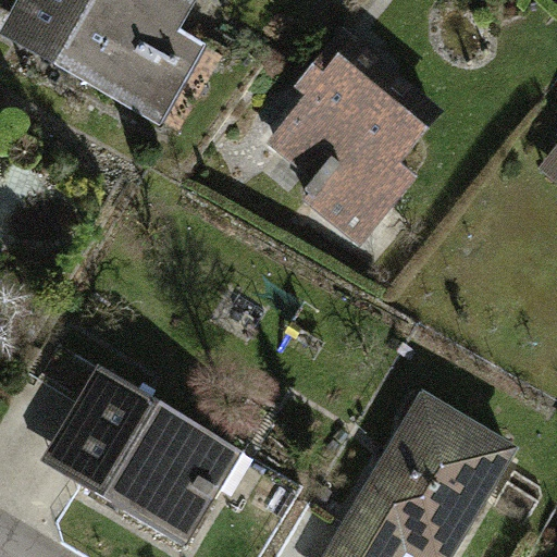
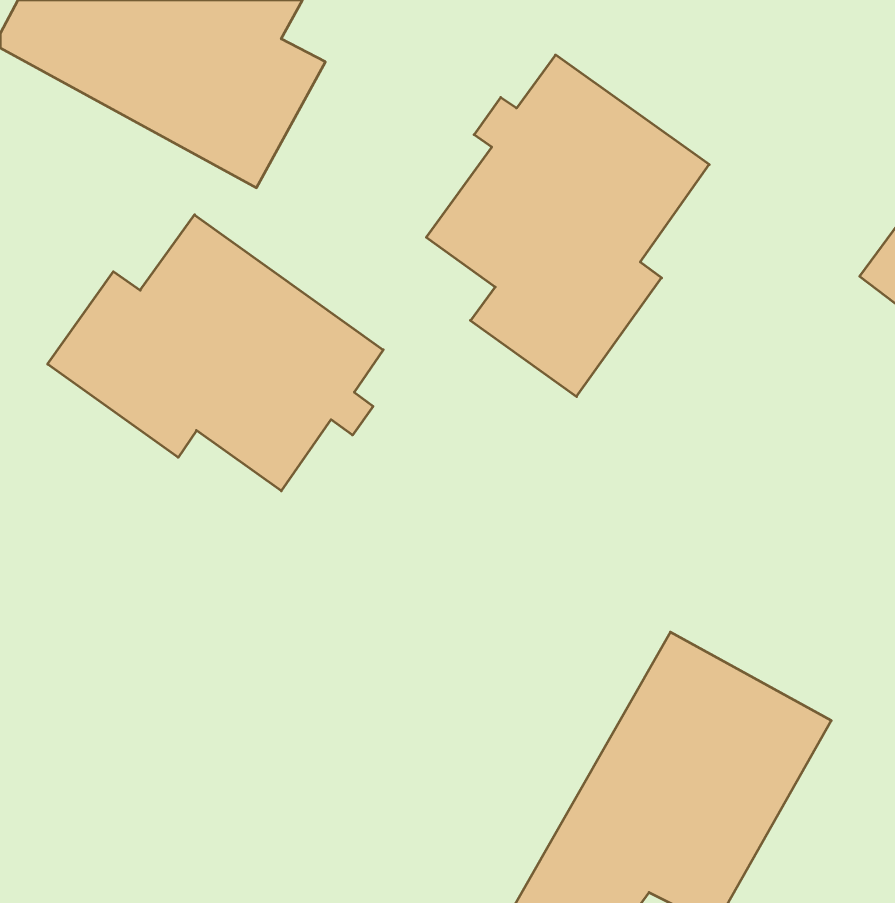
building: none -> [48,215,383,491]
building: [40,364,243,545] -> none

